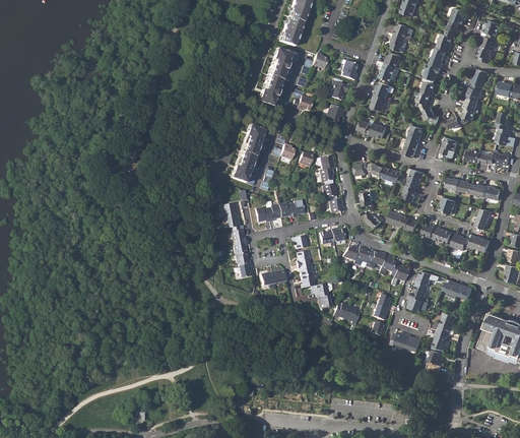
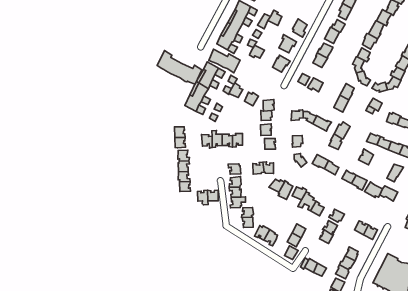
building: none -> [209,49,240,73]
building: none -> [157,50,202,84]

